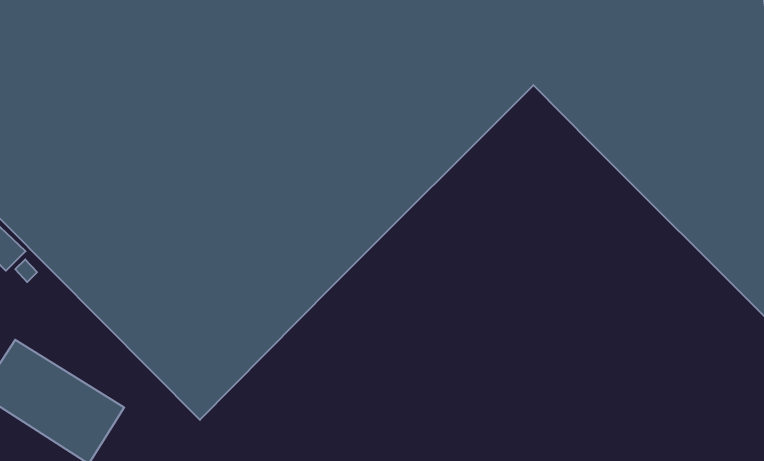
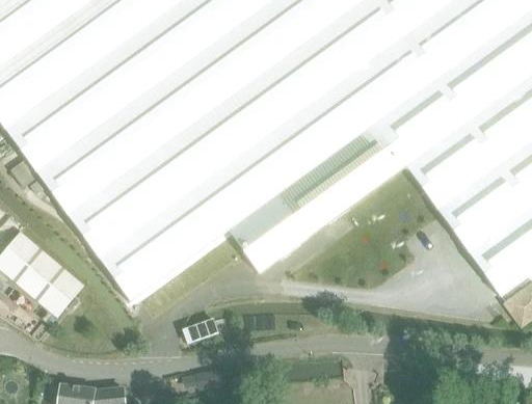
building: none -> [229,124,407,274]

